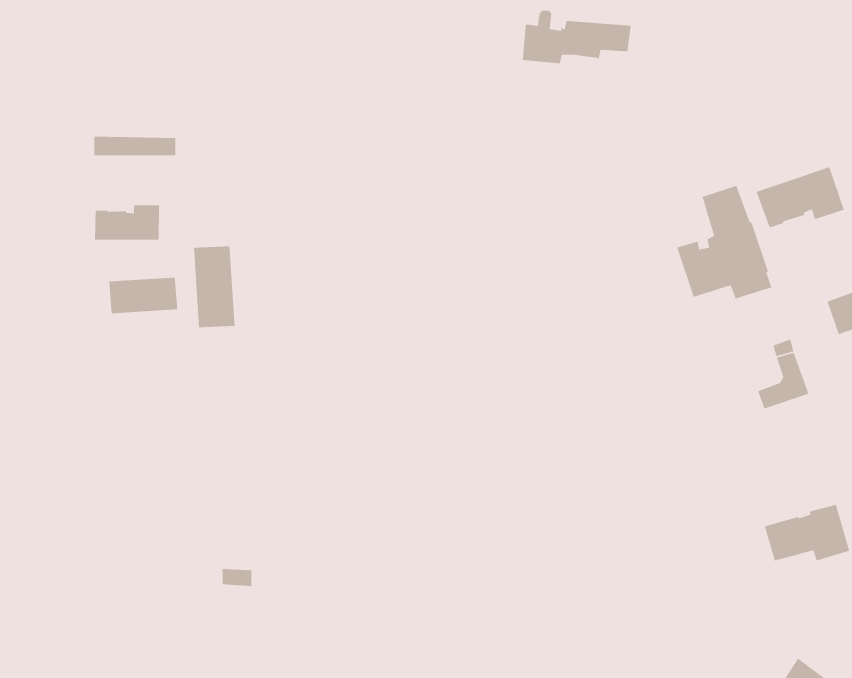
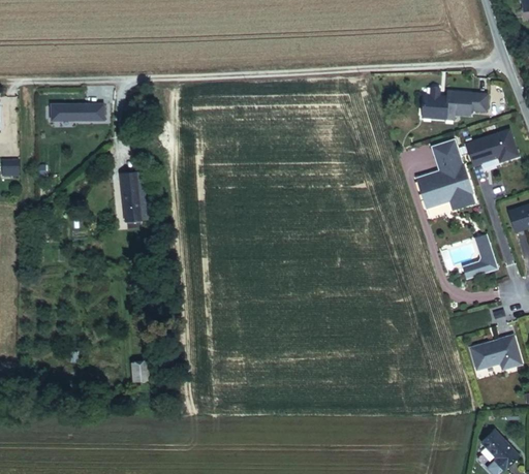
building: [522,10,632,64] -> [421,86,488,119]
building: [94,204,160,241] -> none
building: [108,277,178,314] -> none

